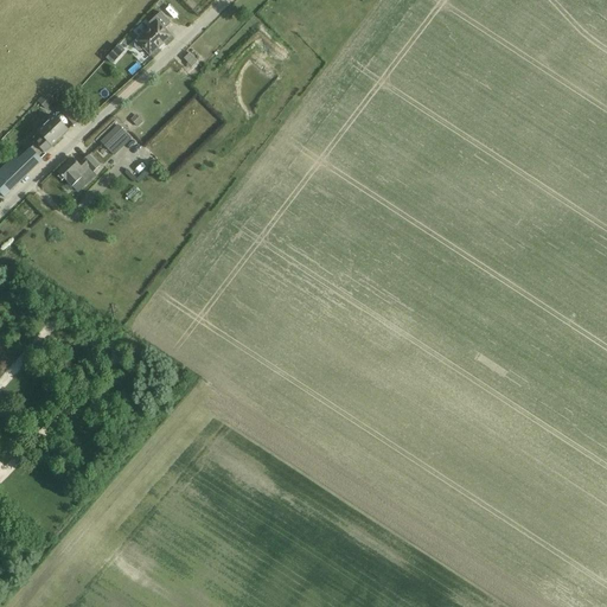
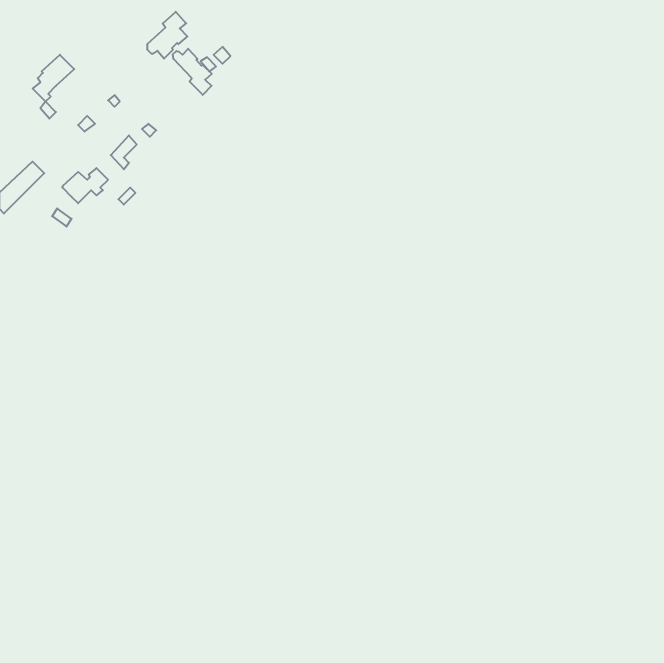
building: none -> [173,49,212,95]
building: [28,115,66,158] -> [33,55,74,102]

